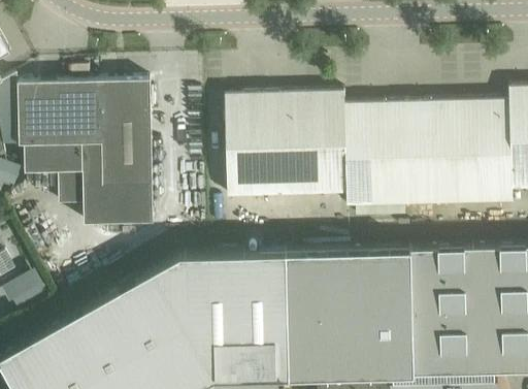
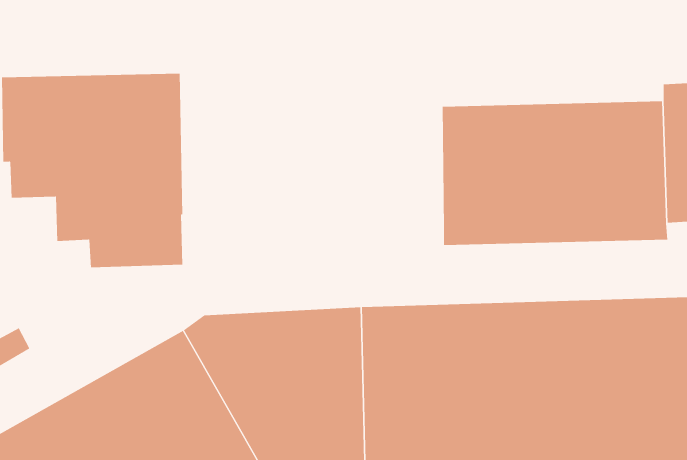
building: [224,92,345,198] -> none

